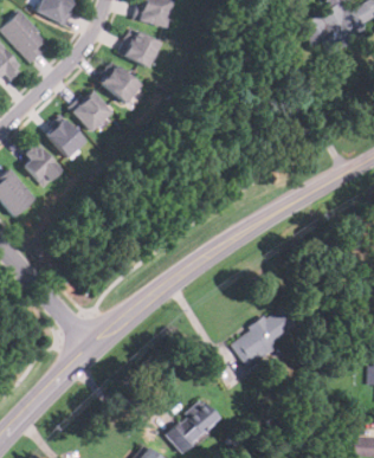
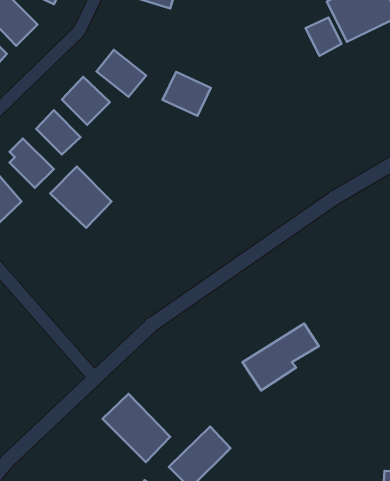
building: [118,28,161,67] -> [163,72,211,116]
building: none -> [306,18,341,56]
building: none -> [50,167,111,228]
building: none -> [103,394,170,462]

